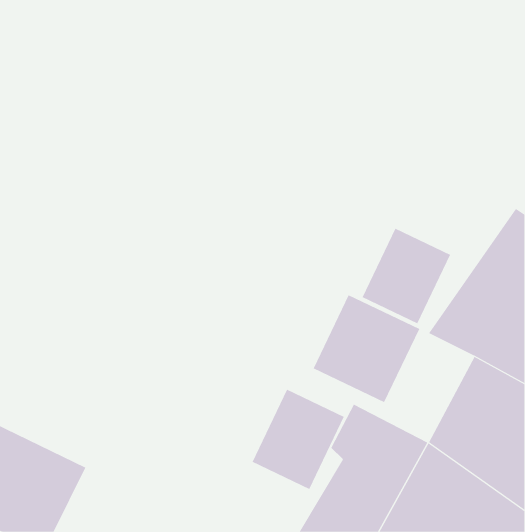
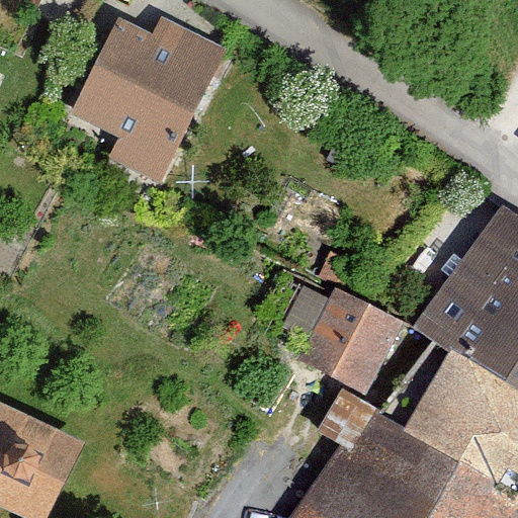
building: none -> [73,17,227,186]
building: [362,228,451,324] -> none
building: [252,389,345,490] -> none

